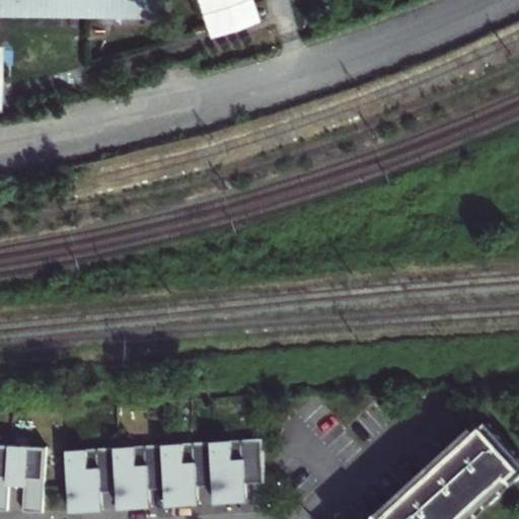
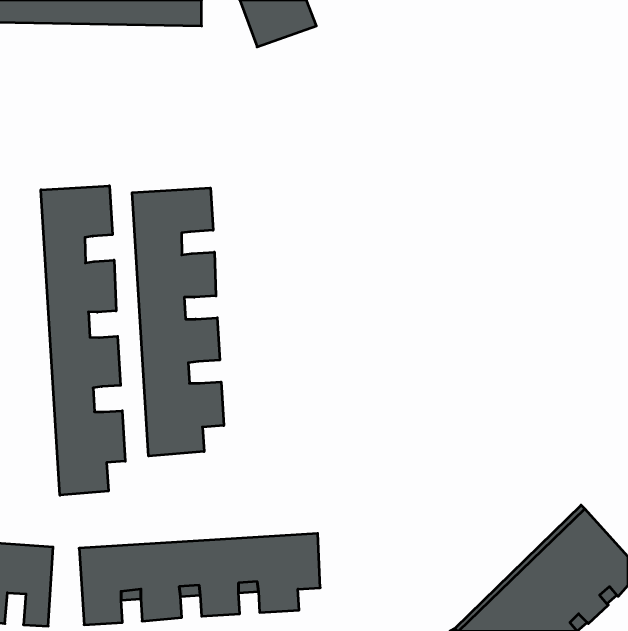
building: none -> [41,186,125,495]
building: none -> [132,188,224,456]

